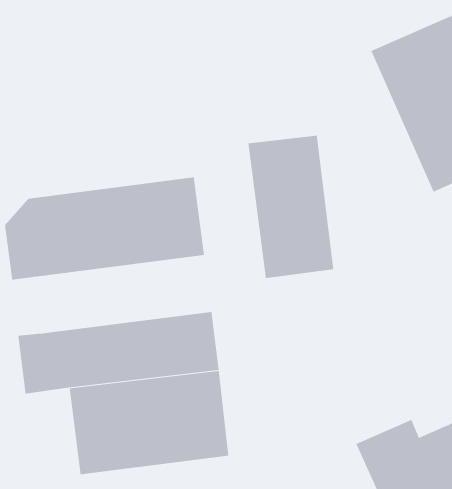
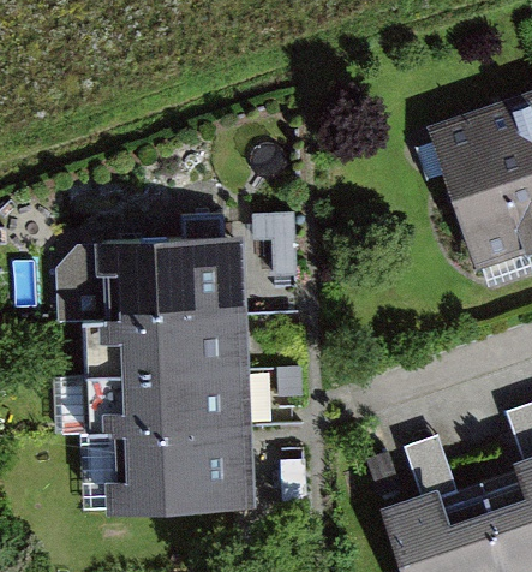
building: [248,135,334,279] -> none
building: none -> [84,314,253,376]

